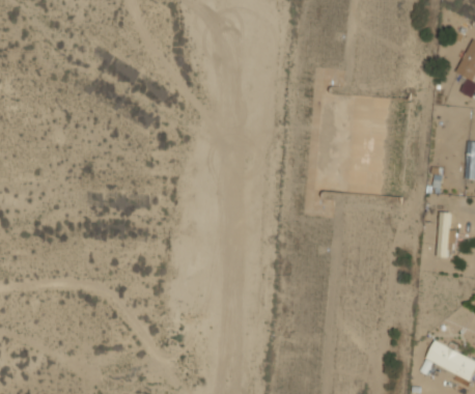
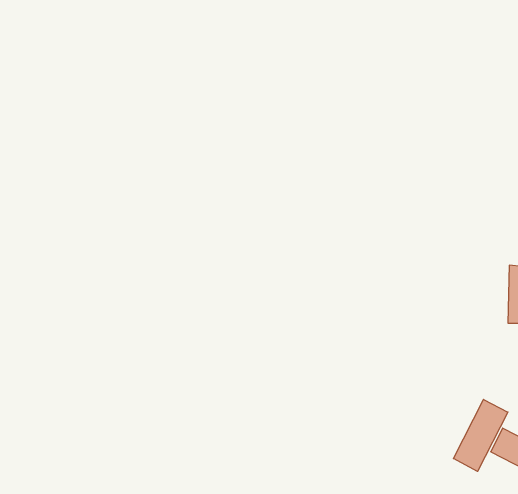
building: none -> [453,399,508,471]

